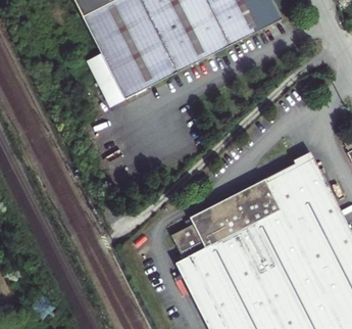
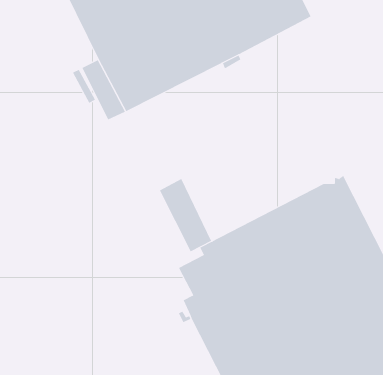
building: none -> [159,178,212,252]

